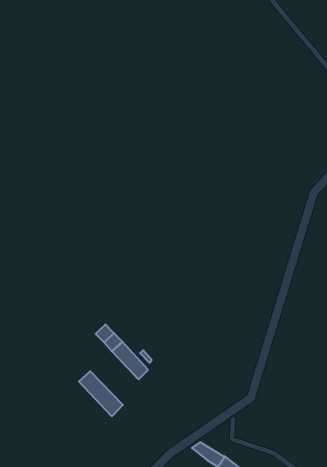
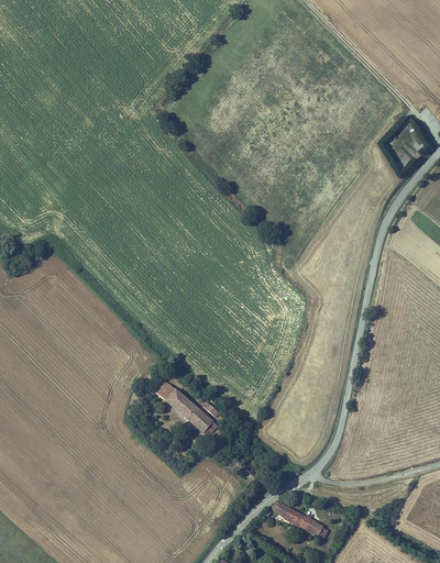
building: [79,371,123,416] -> none

